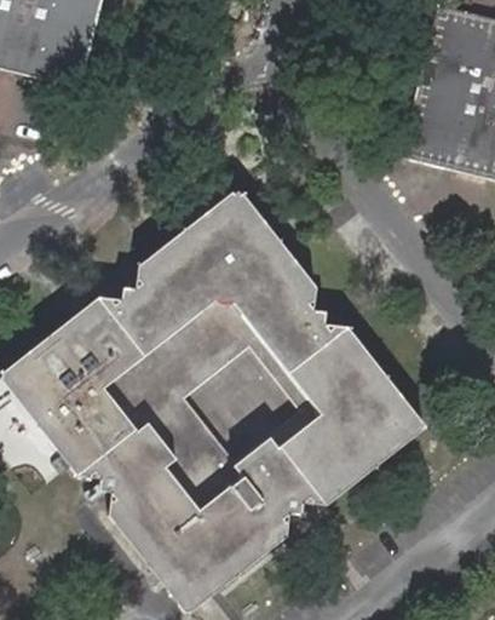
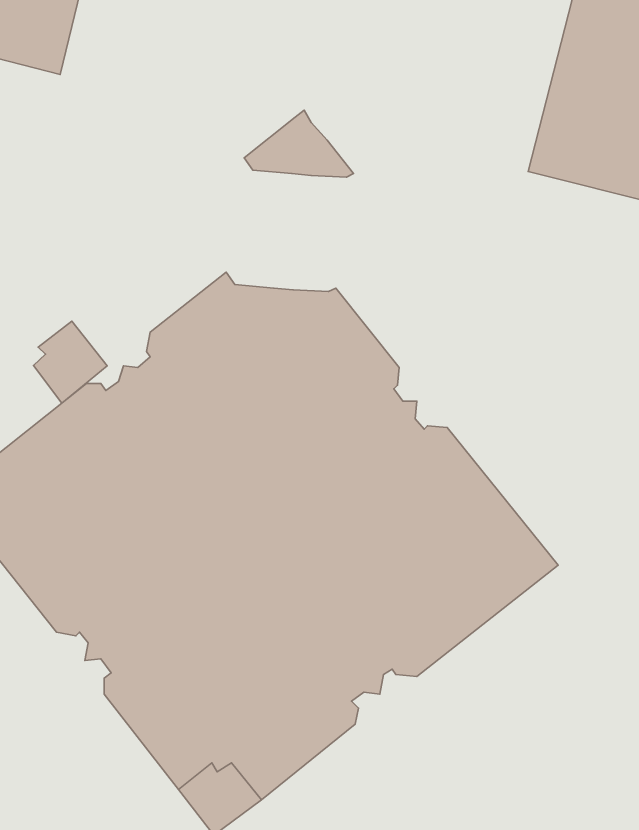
building: [195,190,270,236] -> [244,110,354,177]
building: none -> [33,321,107,403]

